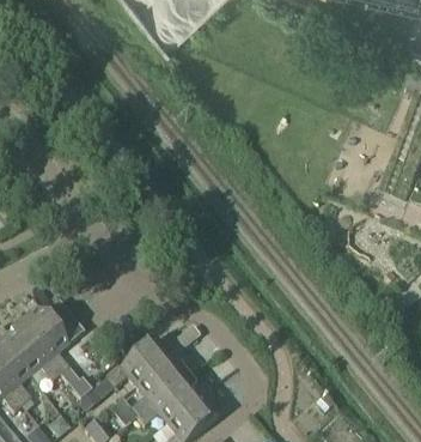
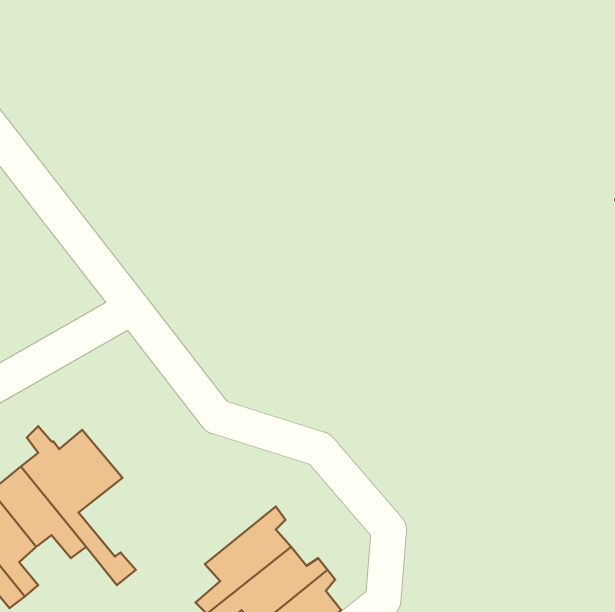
building: [104,333,178,386] -> none

